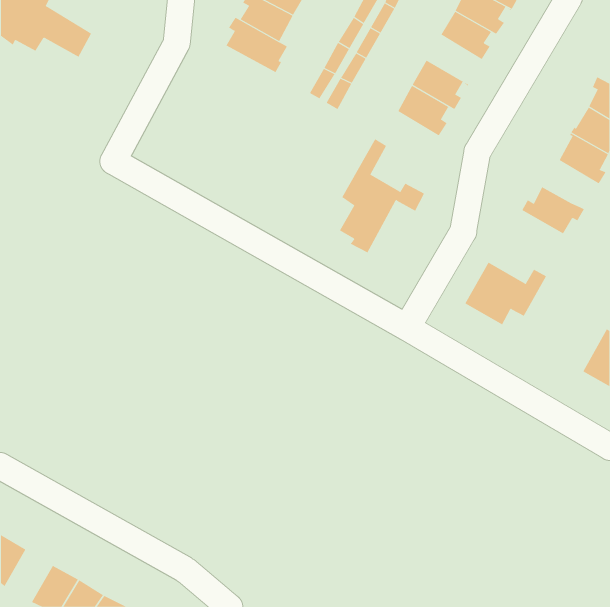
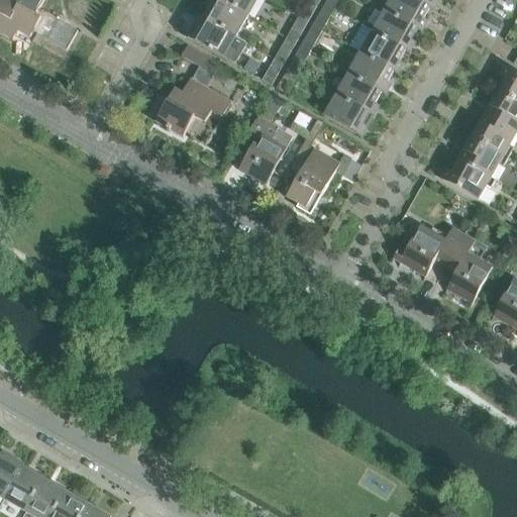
building: none -> [349,23,408,72]
building: none -> [148,43,231,136]
building: none -> [325,94,372,135]
building: none -> [238,107,292,184]
building: none -> [457,135,507,175]
building: none -> [443,233,492,302]
building: none -> [4,464,44,509]

